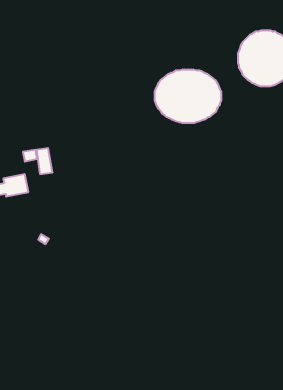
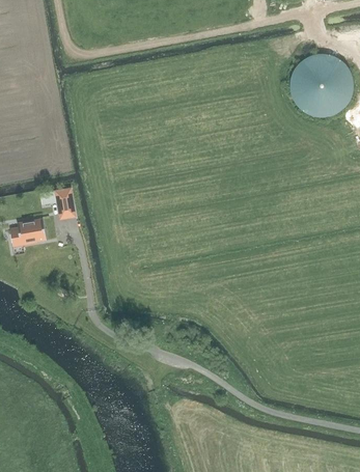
building: [155,69,221,123] -> none

